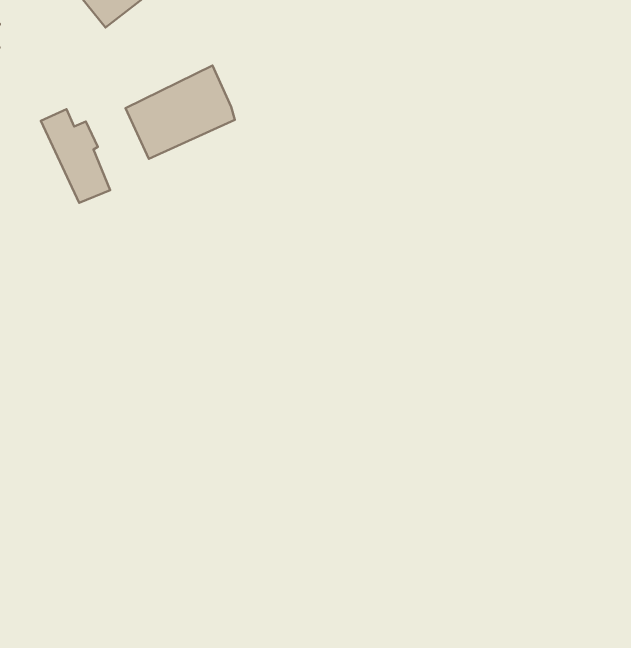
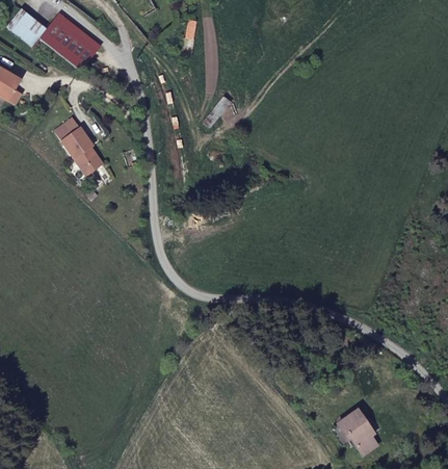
building: [125,66,235,159] -> none

